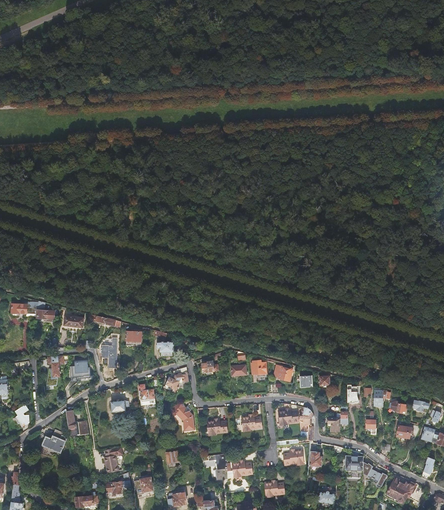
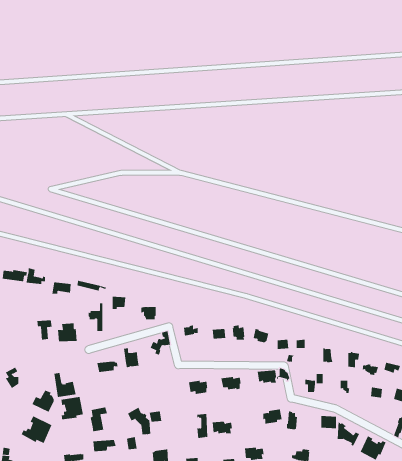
building: [169,400,194,429] -> [127,407,151,435]
building: none -> [61,396,84,420]
building: none -> [21,415,52,444]

